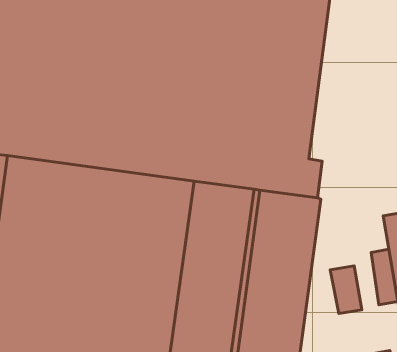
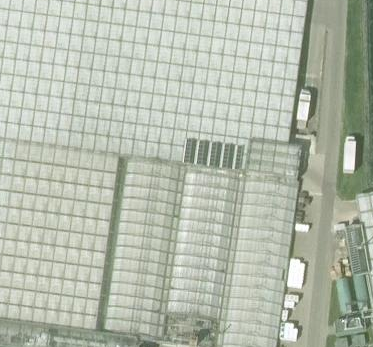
building: [330,266,362,314] -> none

